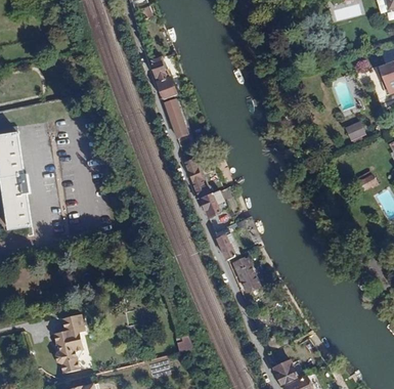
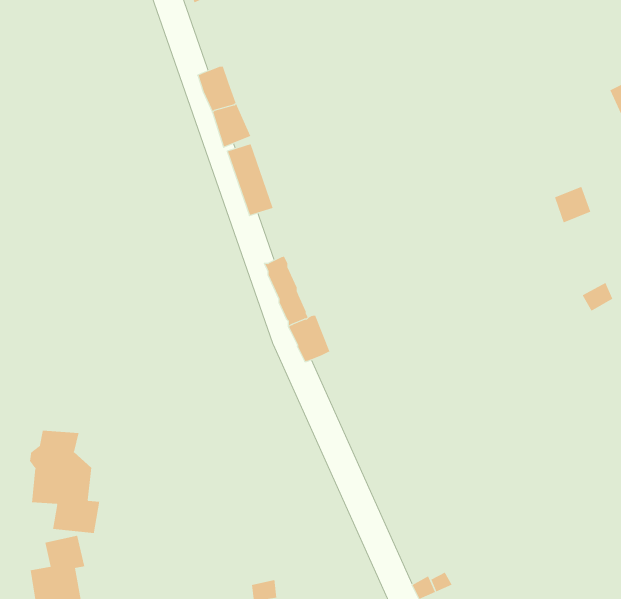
building: [215,232,239,259] -> none
building: [231,255,261,293] -> none
building: none -> [30,430,100,534]

